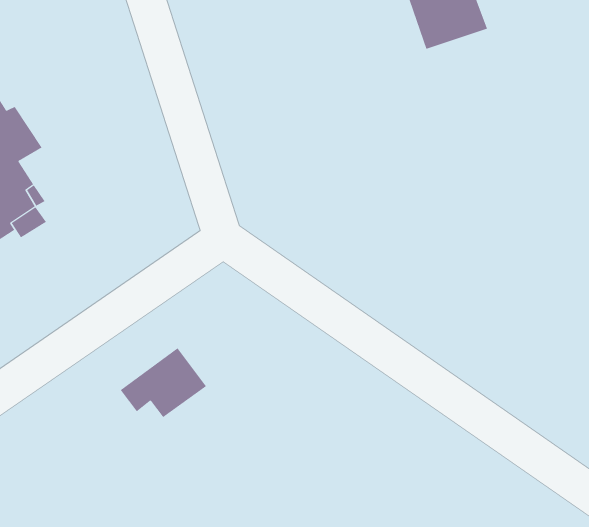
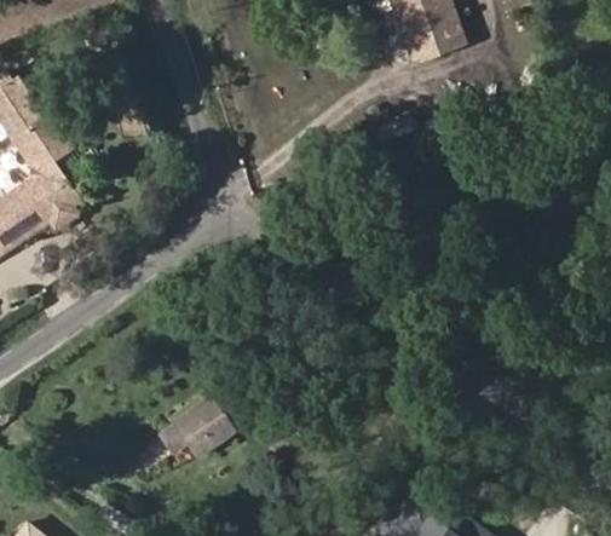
building: [120,347,207,418] -> [160,398,236,460]

